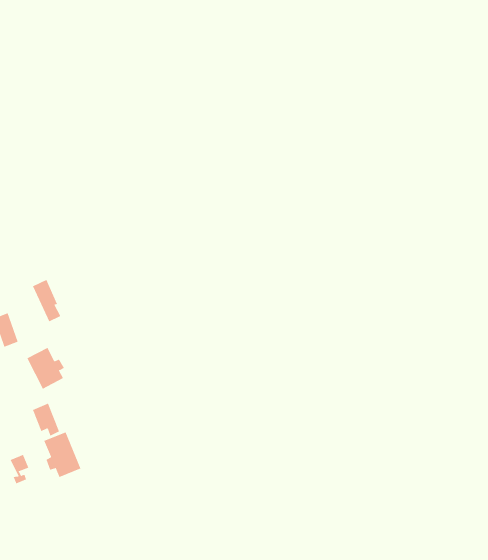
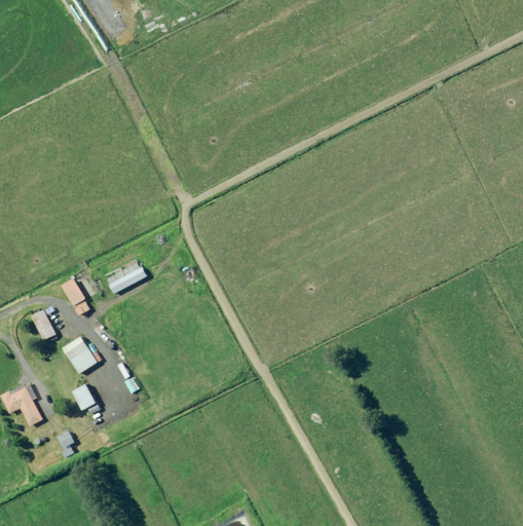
building: none -> [104,258,146,293]
building: [44,431,81,478] -> none

